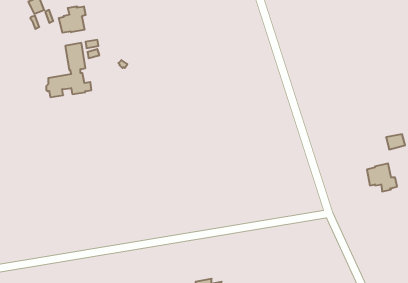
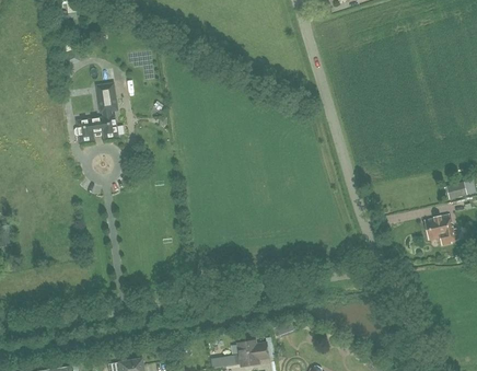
building: [59,6,86,33] -> none

